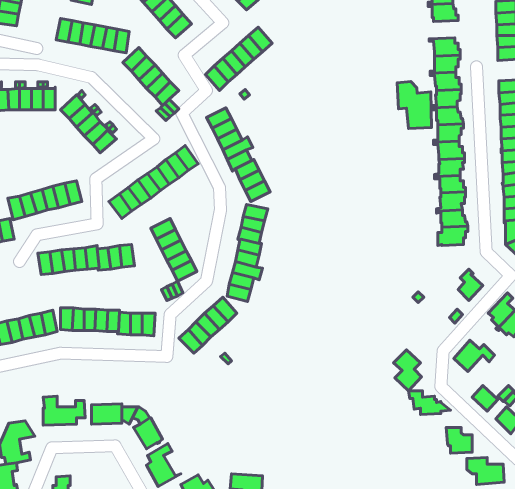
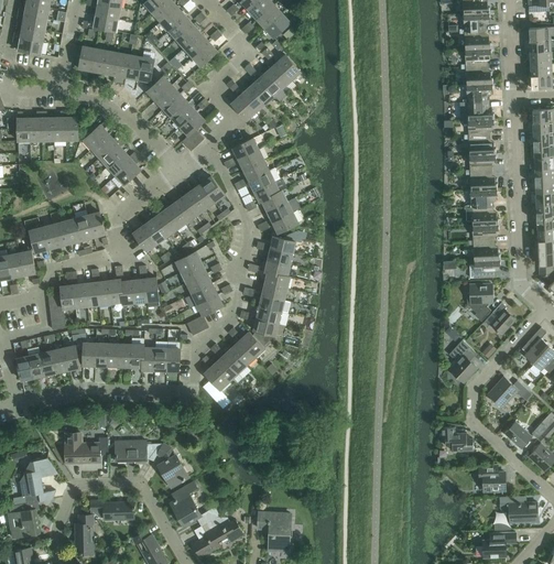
building: none -> [460,48,491,67]
building: [397,82,432,129] -> none
building: none -> [466,284,492,322]
building: [394,350,422,391] -> [448,340,477,382]
building: none -> [90,500,134,520]

